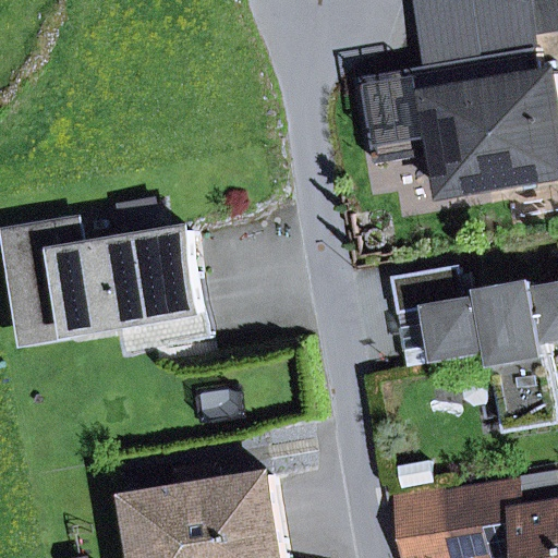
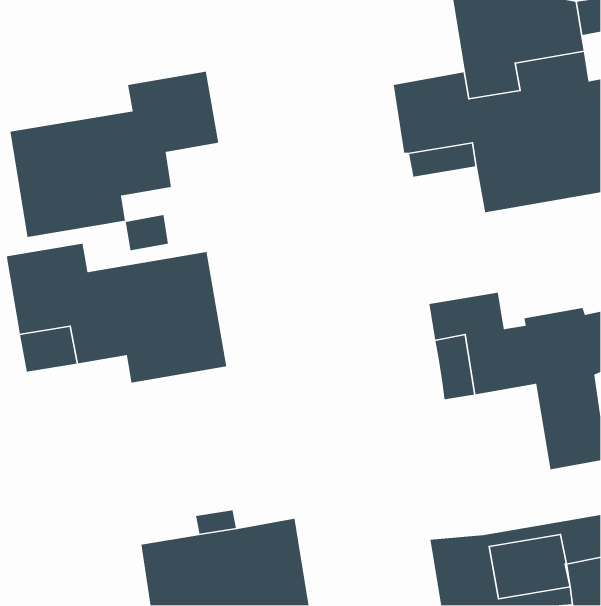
building: none -> [10,71,219,238]

